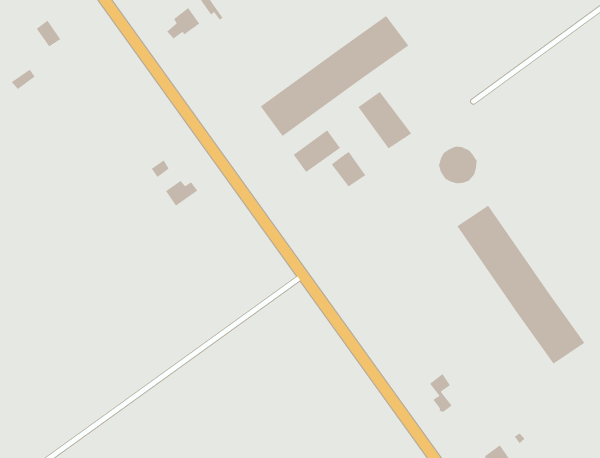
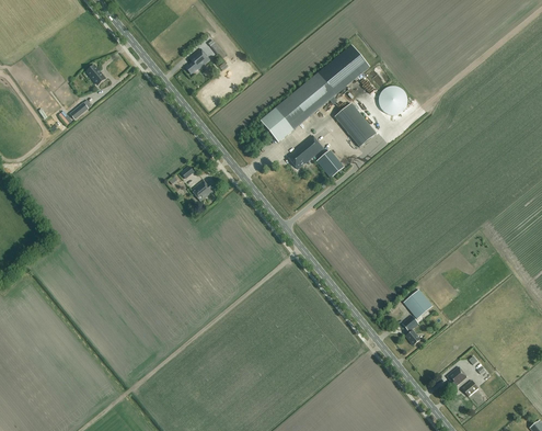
building: [438,146,477,184] -> [379,86,408,114]
building: [456,205,585,365] -> none
building: none -> [404,288,434,318]

